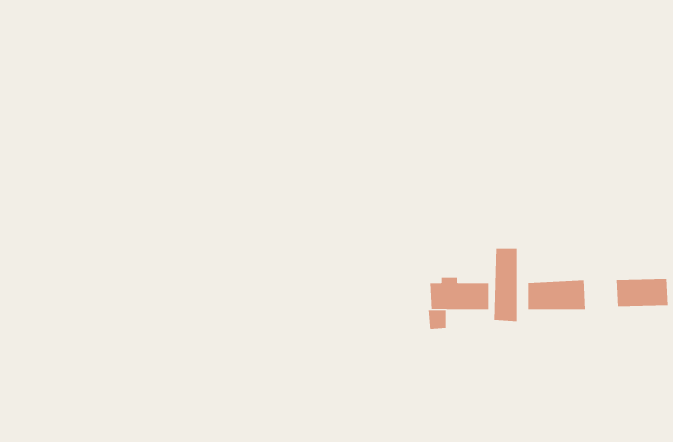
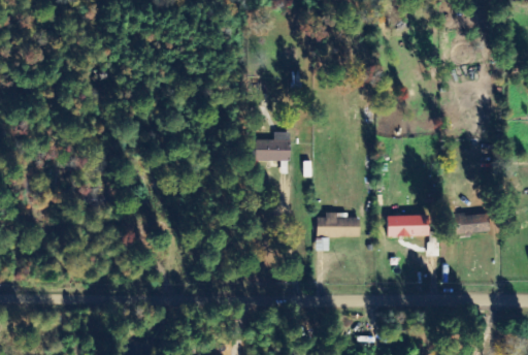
building: none -> [257,131,290,161]
building: [494,248,517,322] -> none

